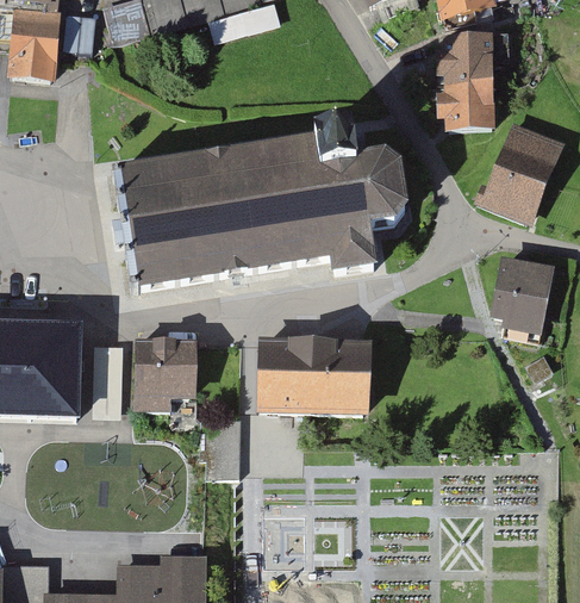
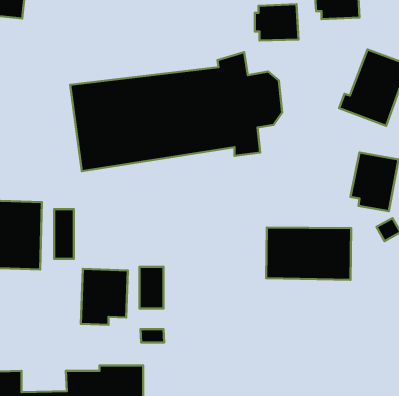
building: [448,80,506,129] -> [255,4,298,40]
building: [131,336,194,411] -> [81,269,128,325]
building: [258,338,373,409] -> [266,227,351,280]

